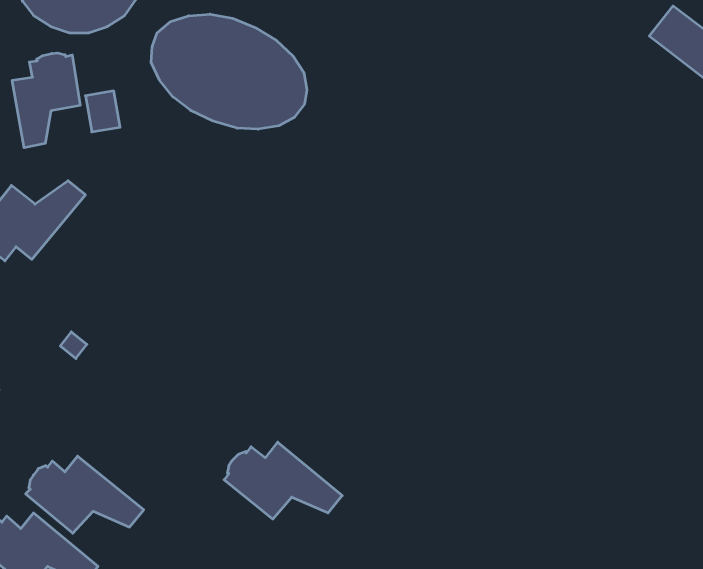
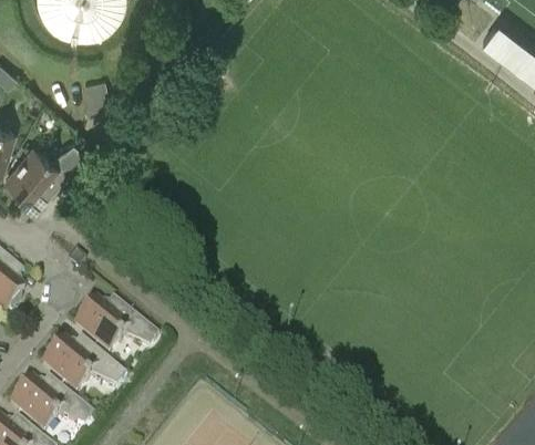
building: [151,14,307,129] -> none
building: [12,53,80,148] -> none
building: [224,442,342,519] -> [75,298,158,352]

